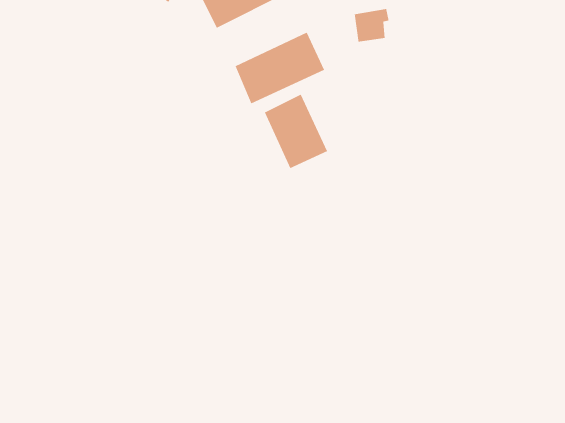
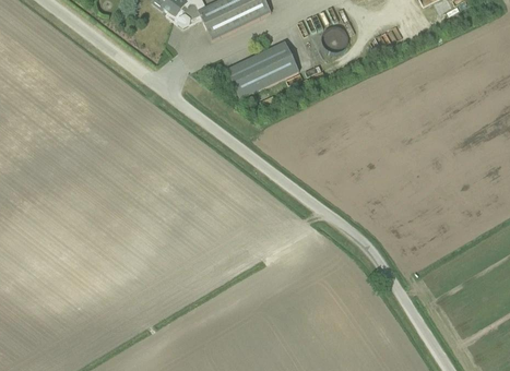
building: [264,94,328,169] -> none

